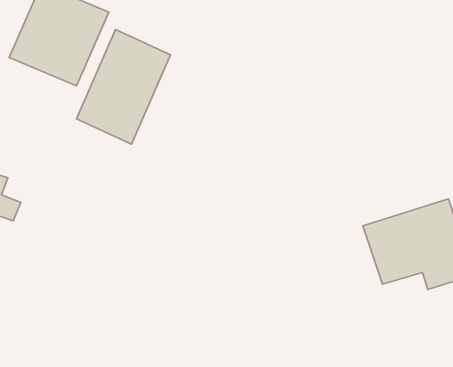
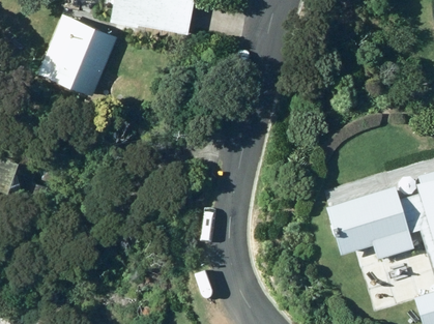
building: [76,29,171,144] -> none

